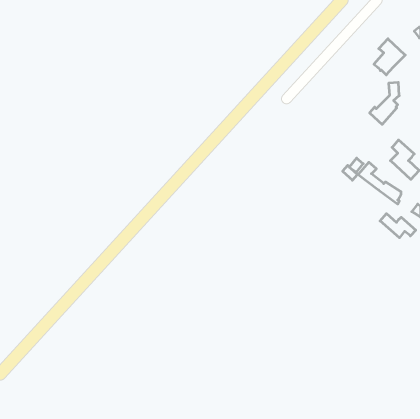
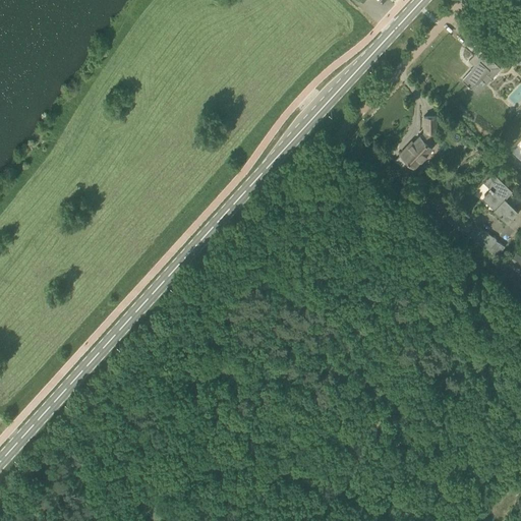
building: [370,82,399,124] -> [401,118,438,170]
building: [380,214,416,238] -> none

